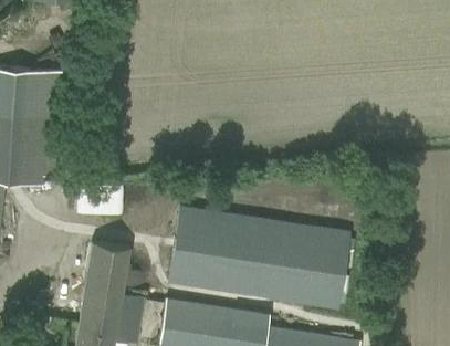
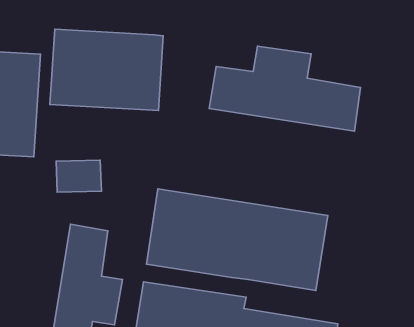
building: none -> [50,29,163,110]
building: none -> [209,46,361,131]

